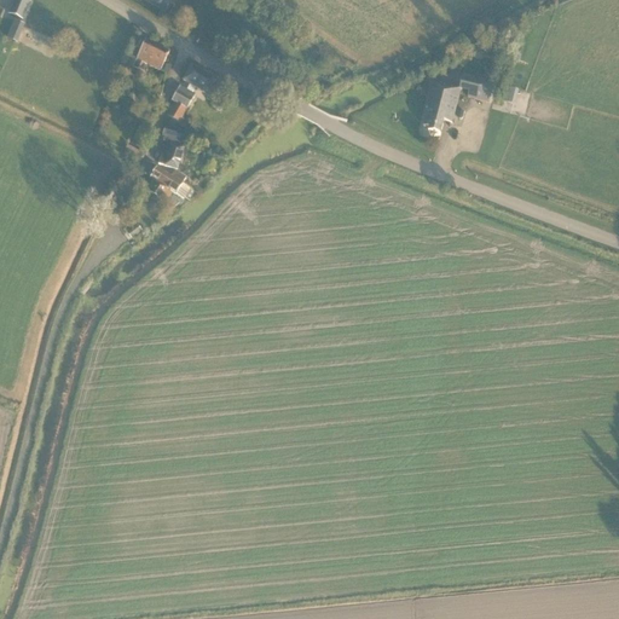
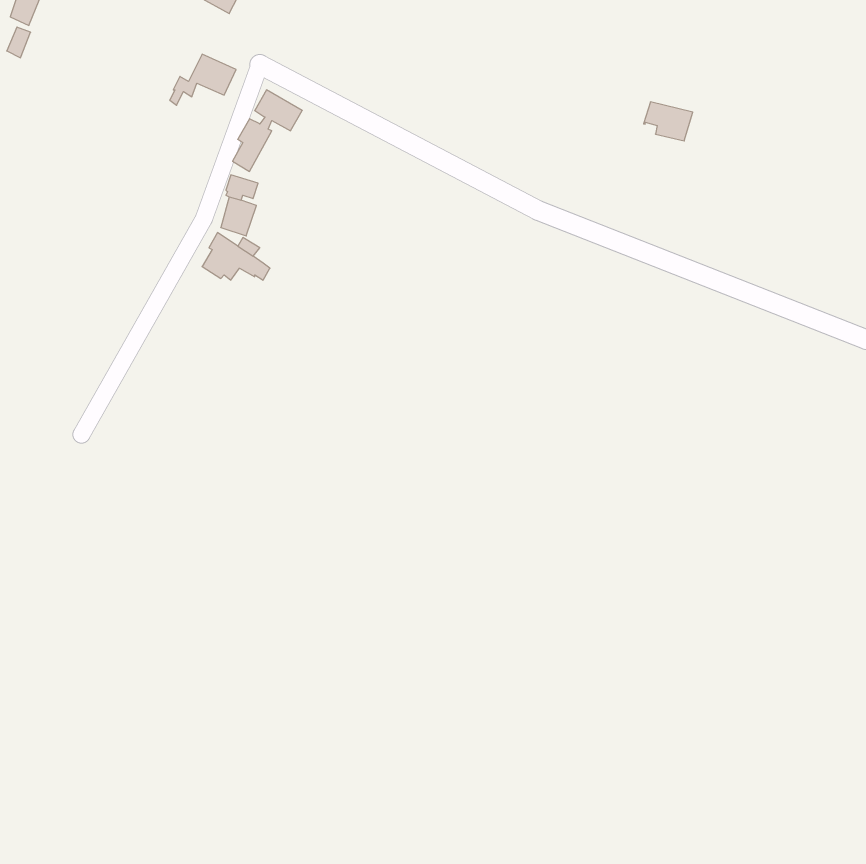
building: [422,81,459,134] -> none

